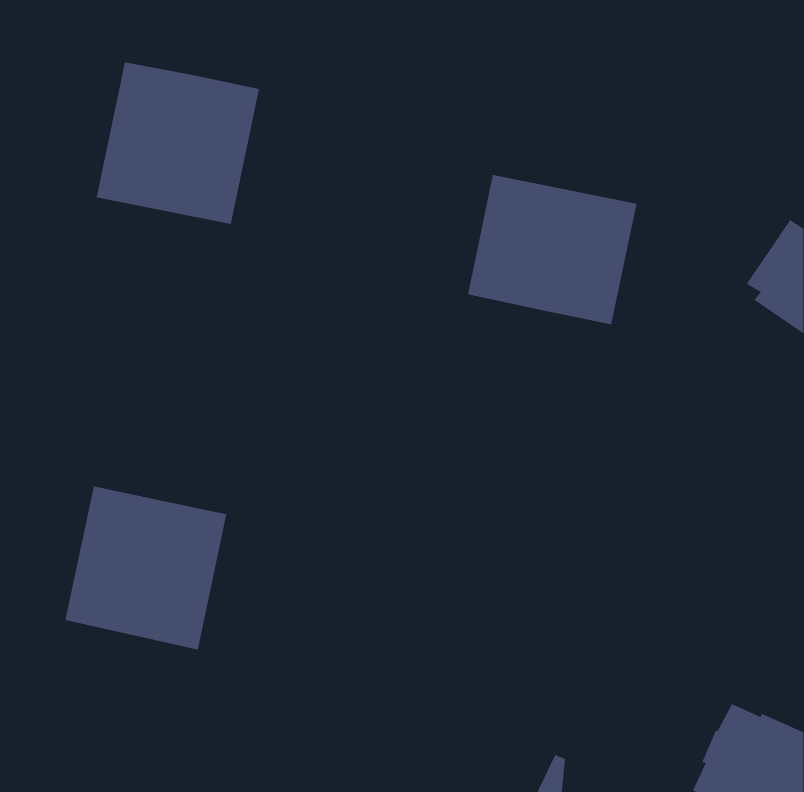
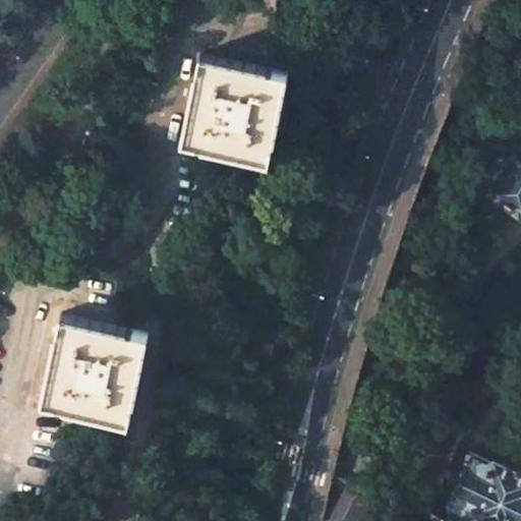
building: [96,62,260,224] -> [181,63,287,168]
building: [467,174,637,325] -> none

